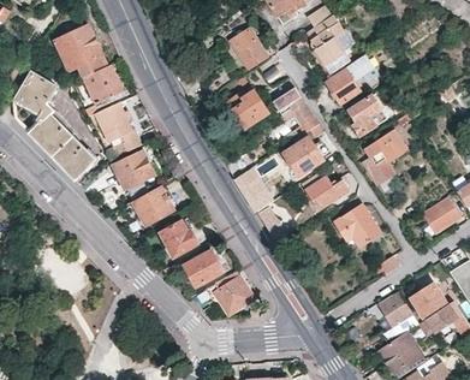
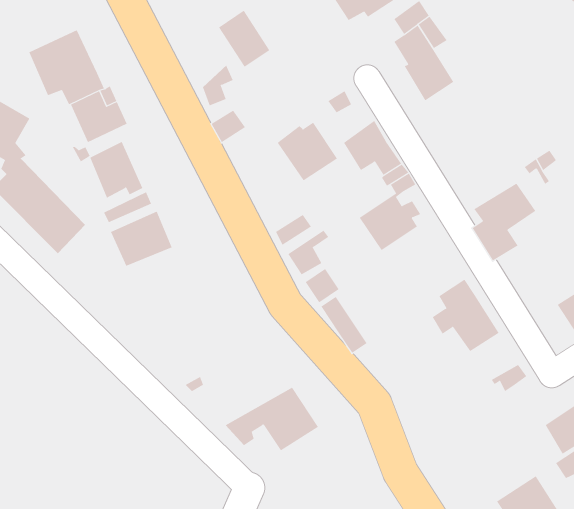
building: [231,29,267,69] -> [218,10,270,67]
building: [326,54,373,103] -> none
building: [349,95,387,135] -> none
building: [304,172,350,208] -> none
building: [133,186,174,225] -> none
building: [159,220,197,257] -> none
building: [184,250,224,287] -> none
building: [379,291,414,327] -> none

